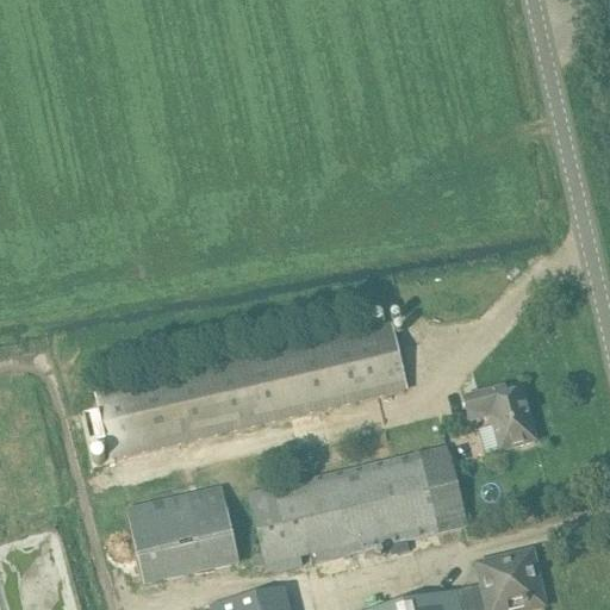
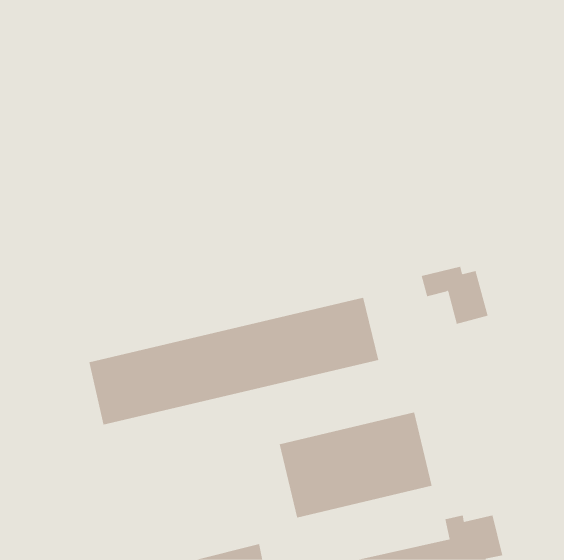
building: [463,385,536,448] -> [421,266,488,325]
building: [250,479,320,571] -> none
building: [129,485,241,584] -> none

